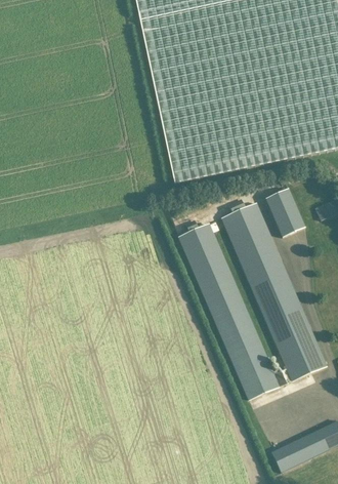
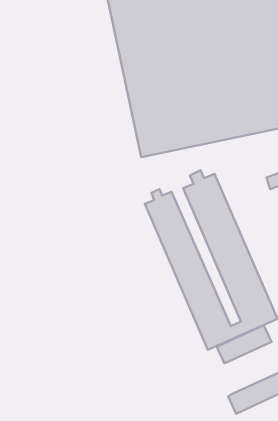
building: [265,188,305,236] -> none
building: none -> [217,325,271,363]

